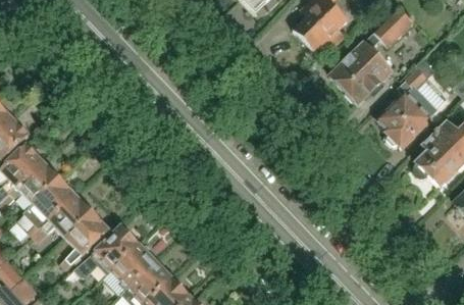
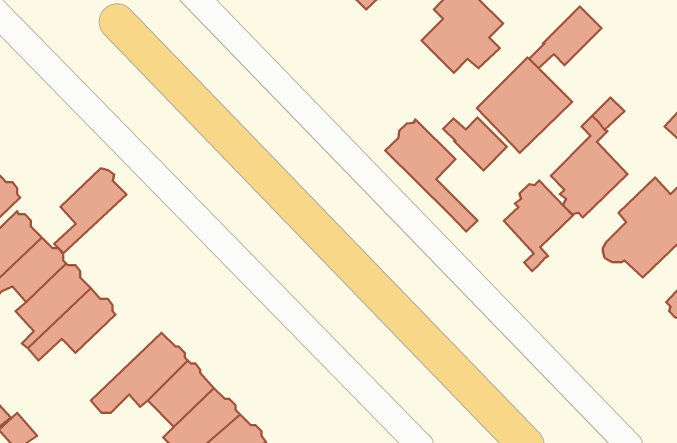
building: none -> [443,118,507,171]
building: none -> [385,119,477,231]
building: none -> [504,181,573,271]
building: [59,211,107,267] -> [54,168,127,253]

